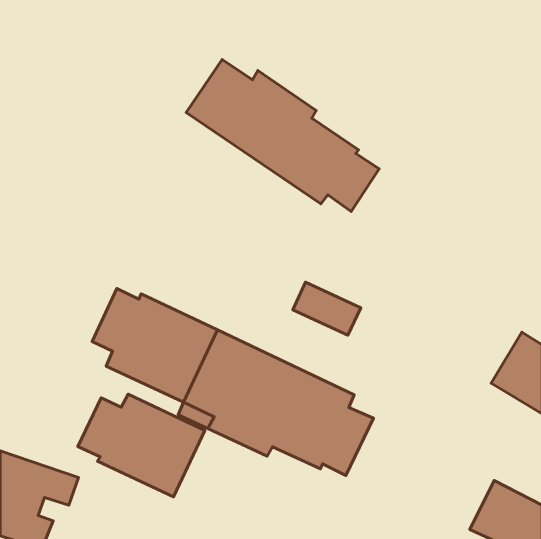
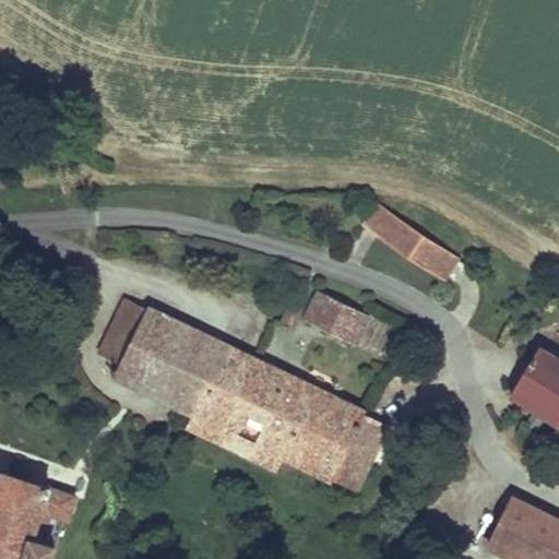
building: [186,60,379,211] -> none
building: none -> [362,205,459,282]
building: [78,394,205,497] -> none

